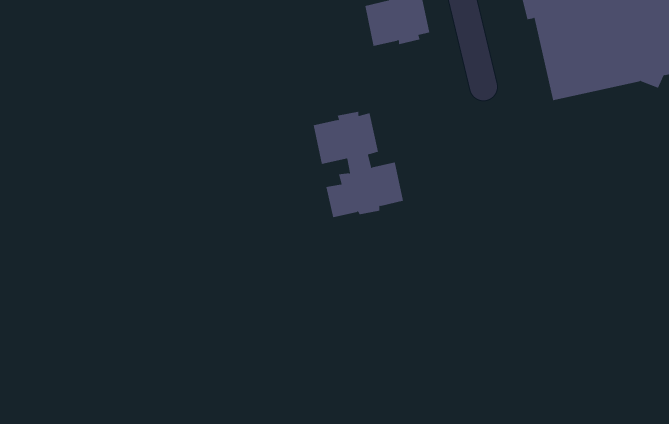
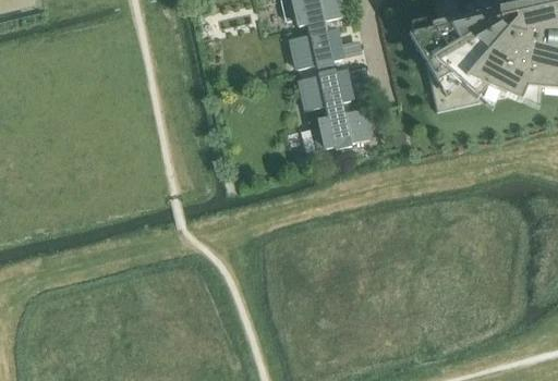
building: [313,111,404,218] -> [299,69,369,151]

